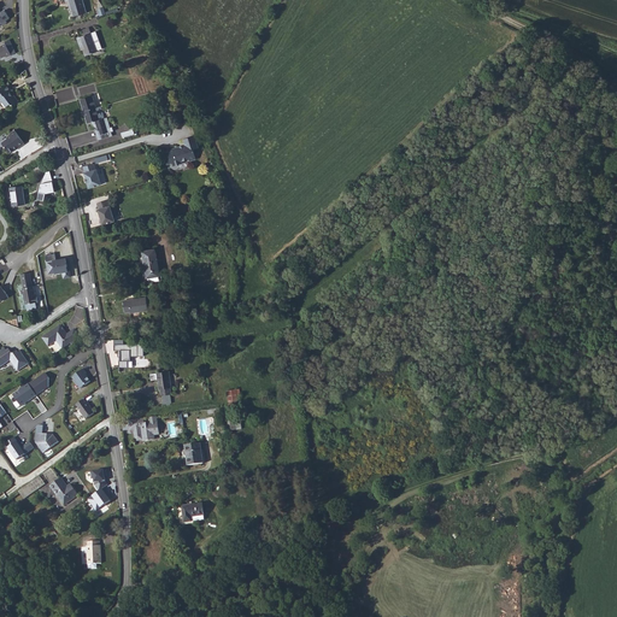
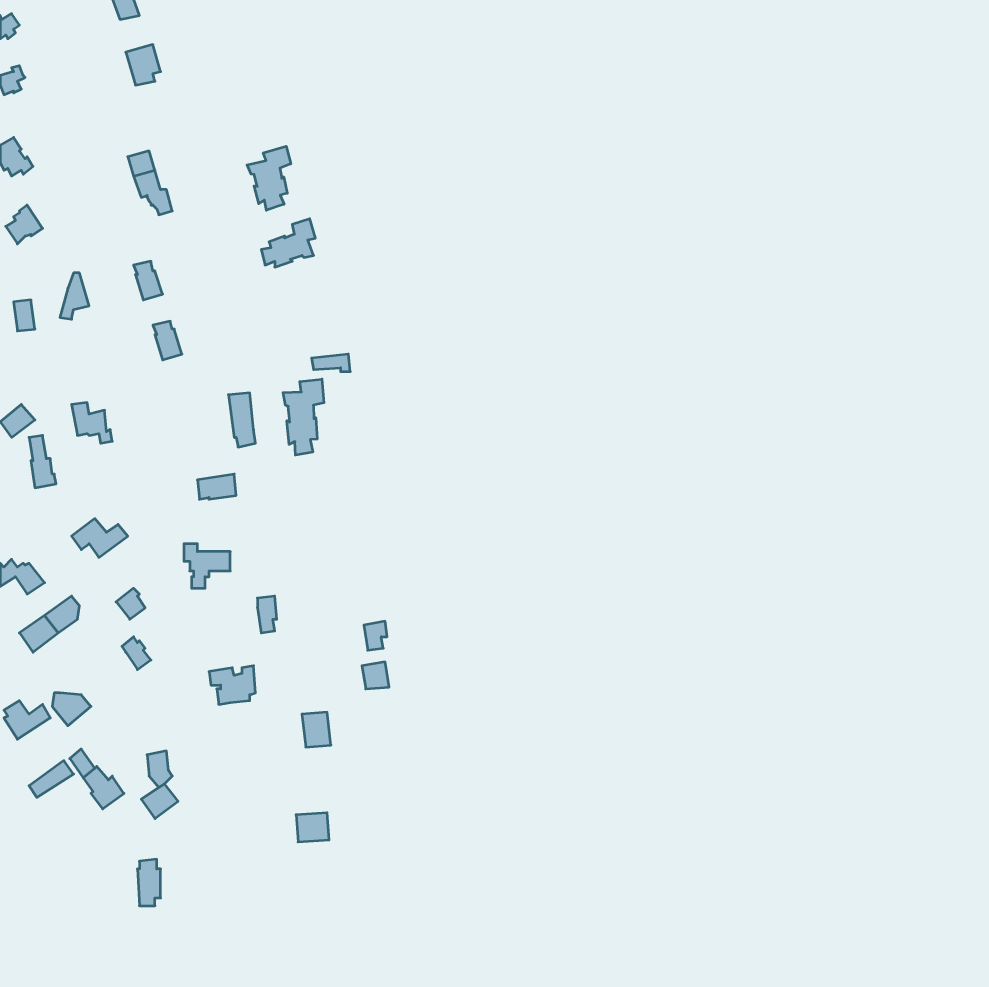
building: none -> [247,146,291,210]
building: none -> [283,379,324,455]

